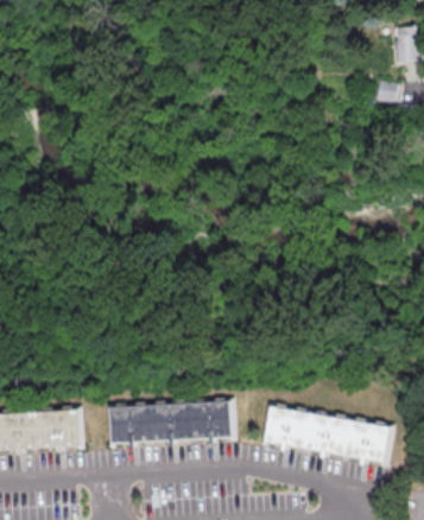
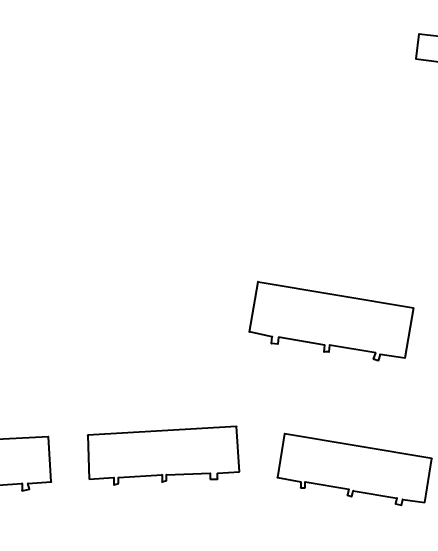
building: none -> [249,282,413,361]

